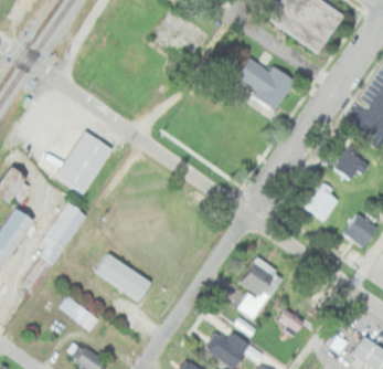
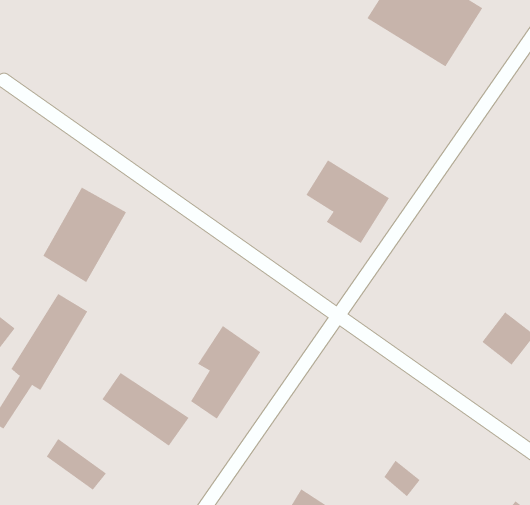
building: [238,55,294,110] -> [306,159,390,244]
building: [333,147,368,181] -> none
building: [304,183,340,220] -> none
building: [236,257,283,319] -> [190,325,261,420]

